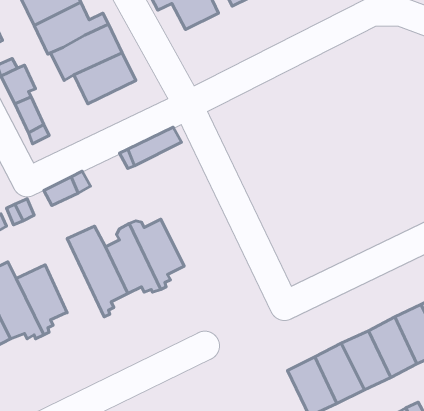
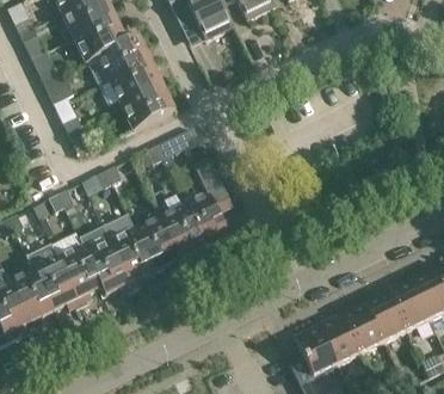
building: none -> [119,86,173,131]
building: none -> [183,156,233,247]
building: none -> [76,223,134,295]

